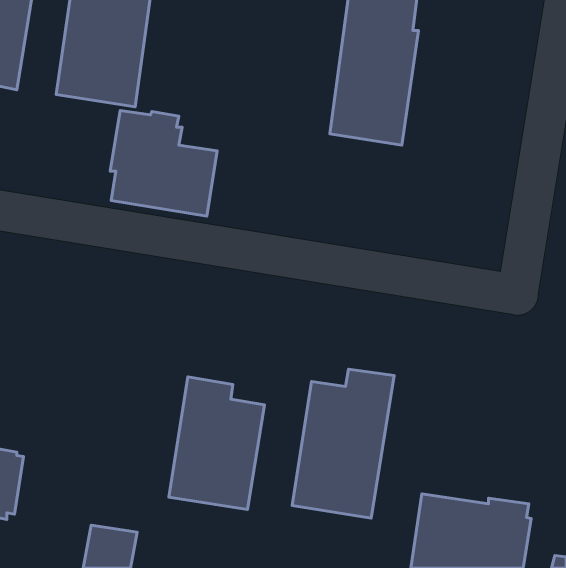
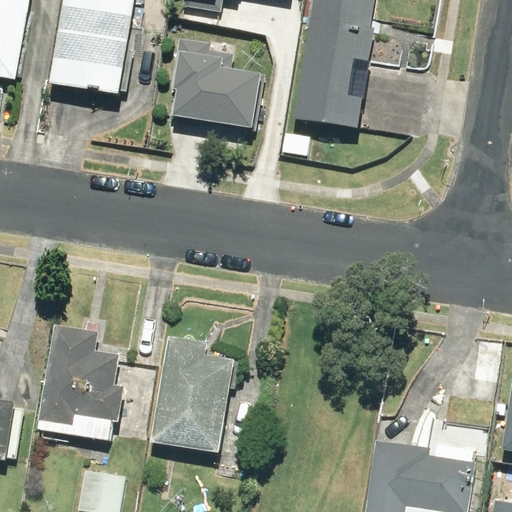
building: [110,110,217,216] -> [167,36,262,130]
building: none -> [34,323,124,440]
building: [292,369,394,518] -> none

